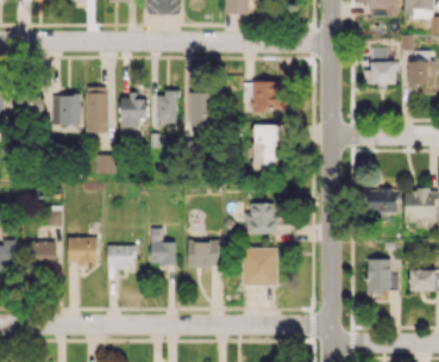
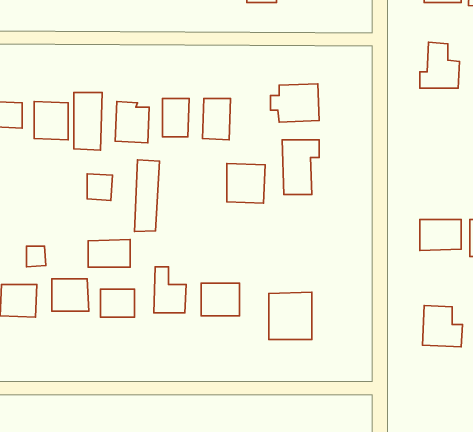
building: none -> [135,160,159,231]
building: [246,202,277,235] -> [227,163,265,203]
building: none -> [88,239,130,267]

